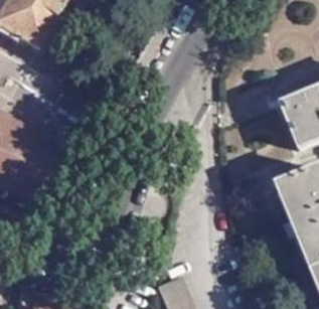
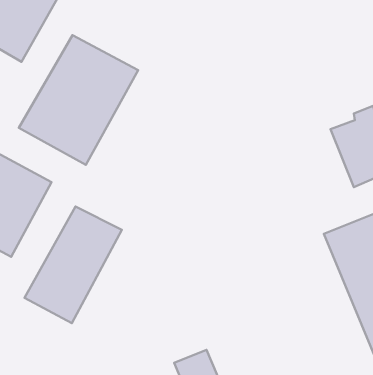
building: none -> [19,35,138,165]
building: none -> [24,206,122,323]

